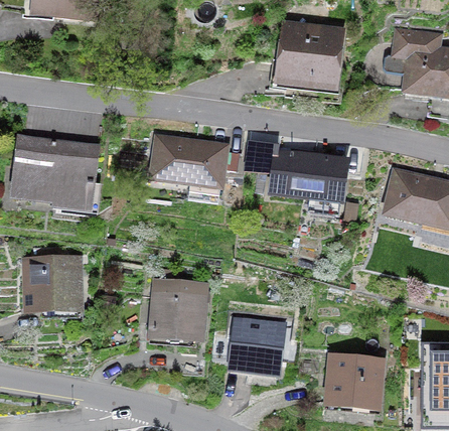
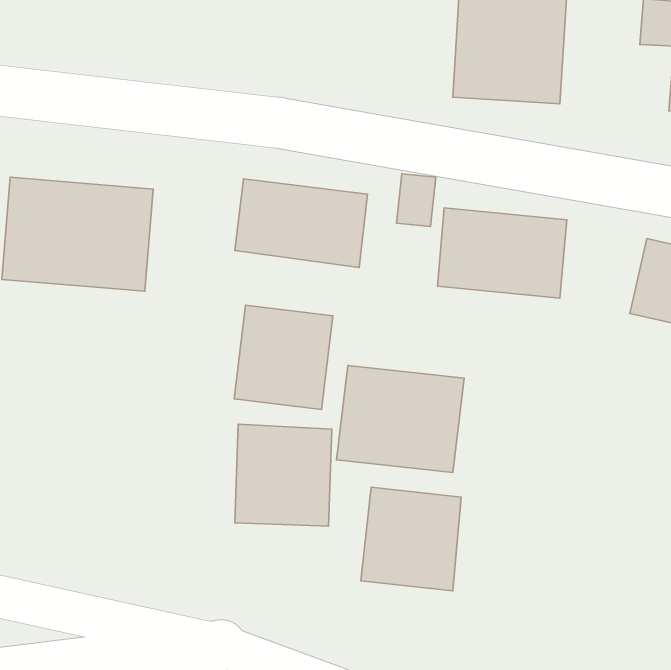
building: none -> [234,305,333,410]
building: none -> [337,366,464,473]
building: [22,255,83,314] -> none
building: [324,353,384,410] -> none

